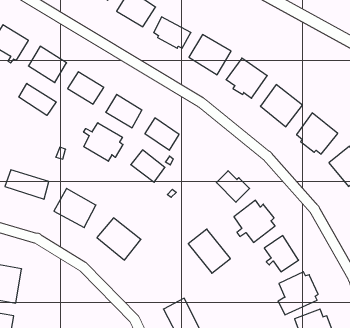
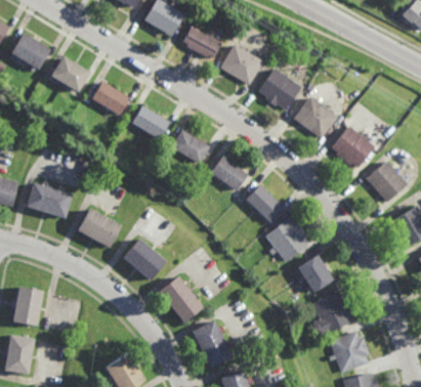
building: [19,83,56,115] -> none
building: [84,123,123,161] -> none
building: [131,150,165,182] -> [212,158,248,191]
building: [188,229,230,273] -> [160,274,204,320]

